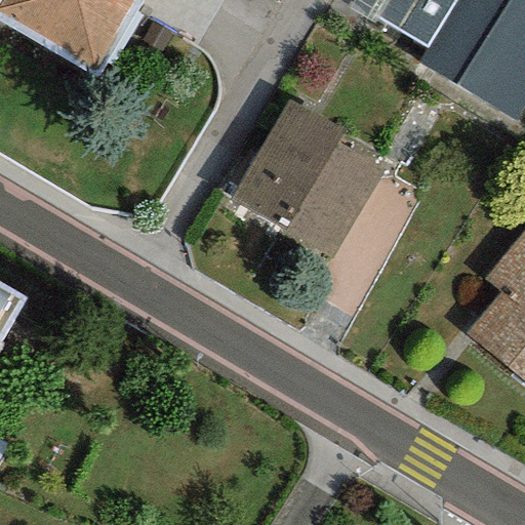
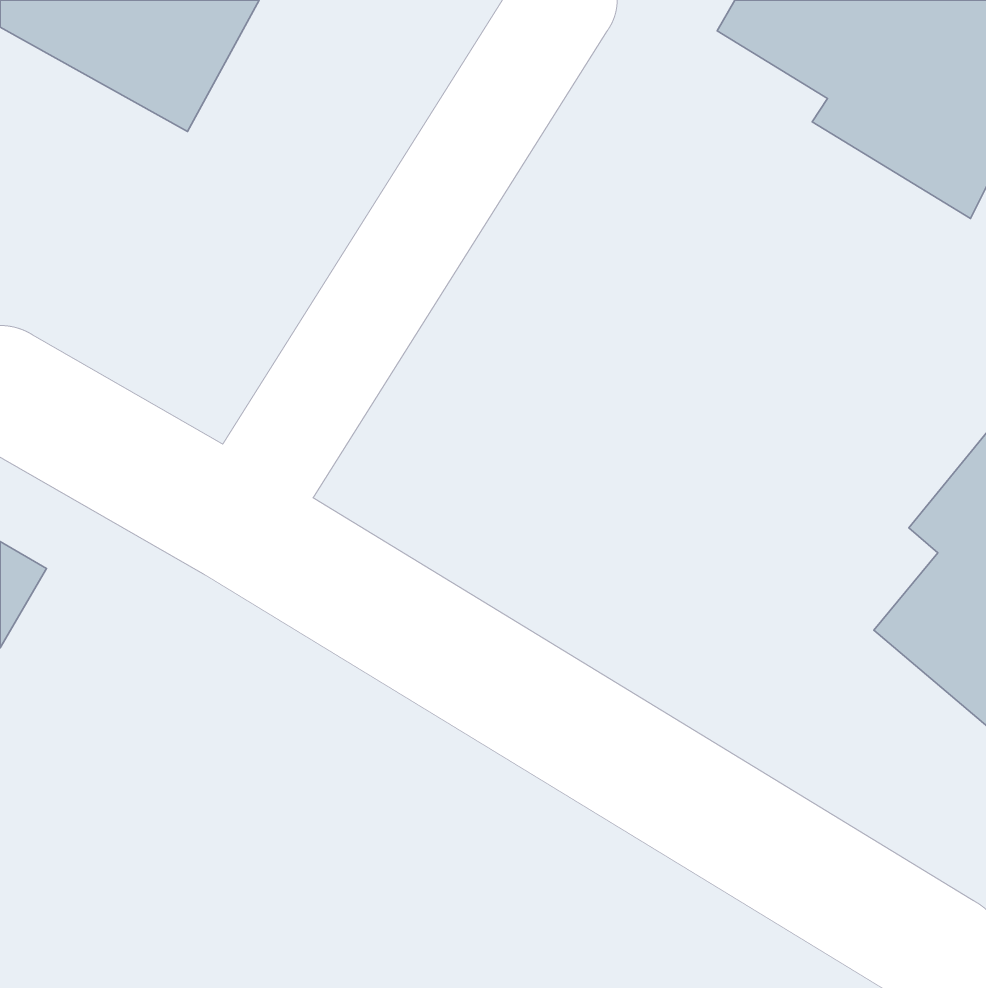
building: [229,100,388,257] -> none

